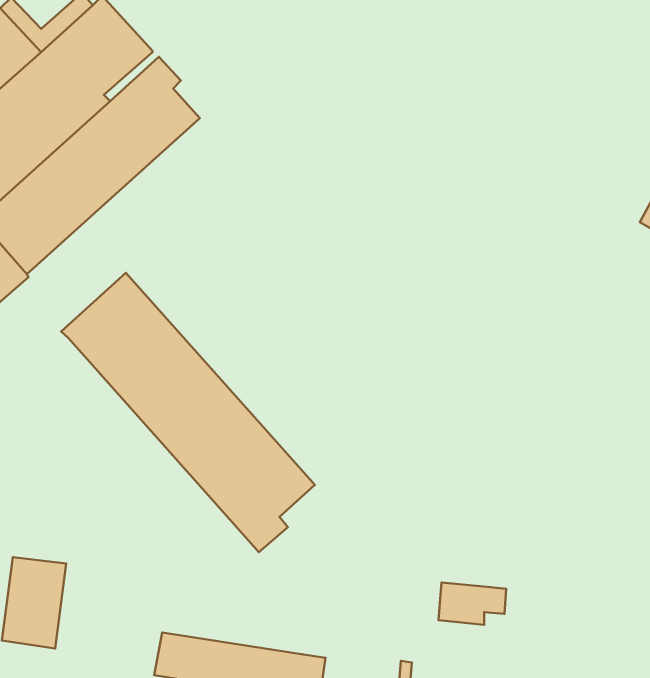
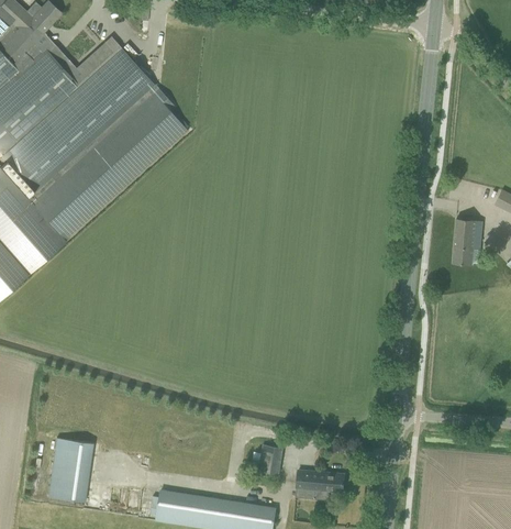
building: none -> [453,219,480,264]
building: [61,273,315,552] -> none
building: none -> [260,444,282,473]
building: [439,582,506,625] -> [297,470,344,499]

